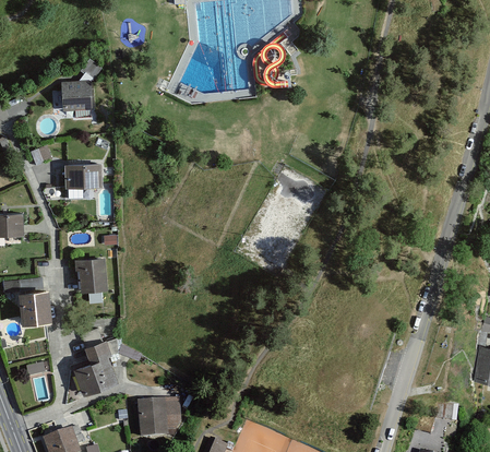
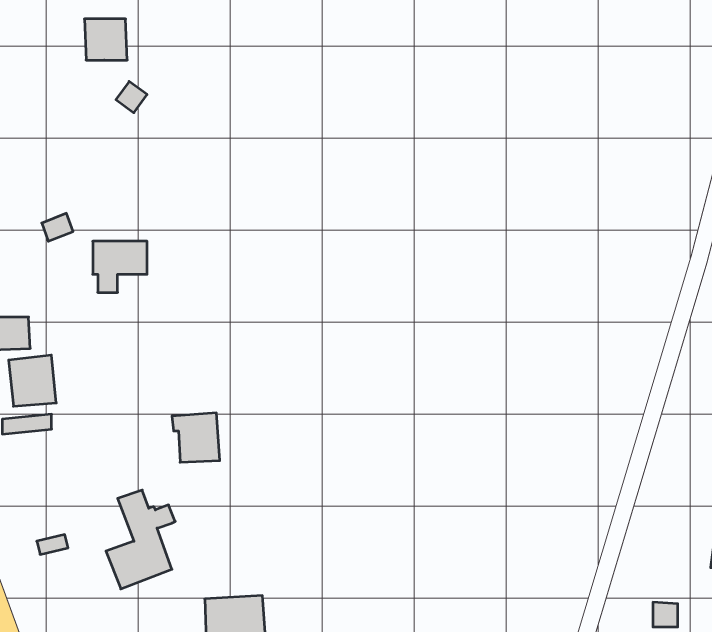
building: [61,82,89,109] -> [84,19,127,60]
building: [74,258,106,290] -> [172,413,220,462]
building: [19,290,50,324] -> [9,355,56,406]

